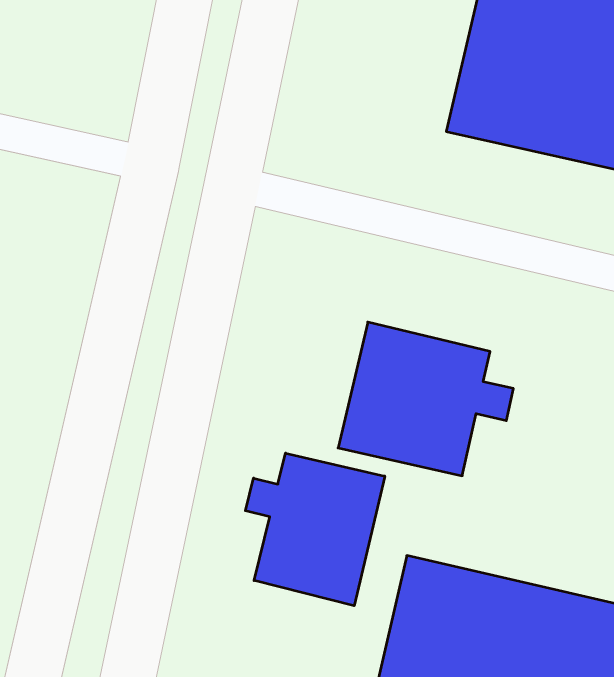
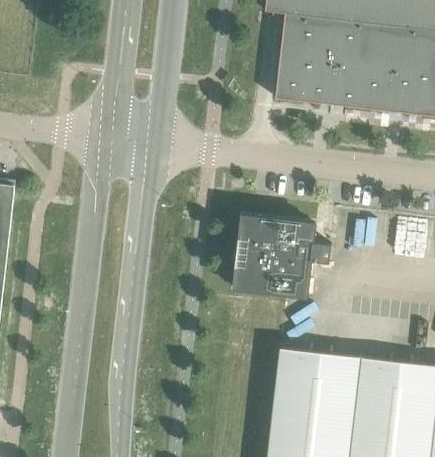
building: [245,453,385,606] -> none

